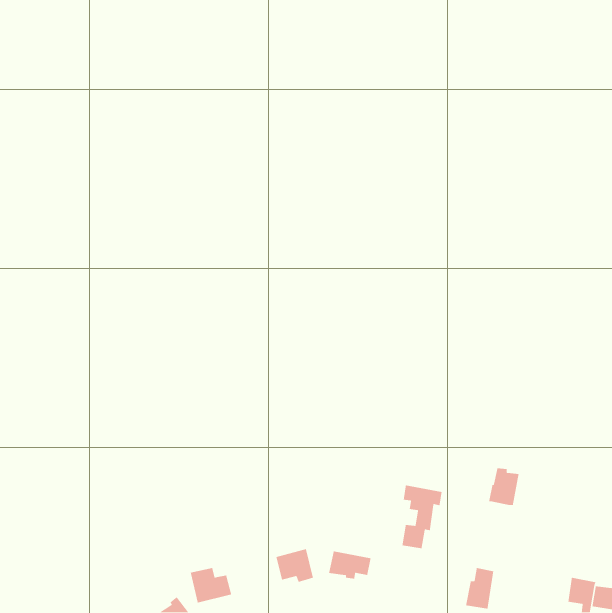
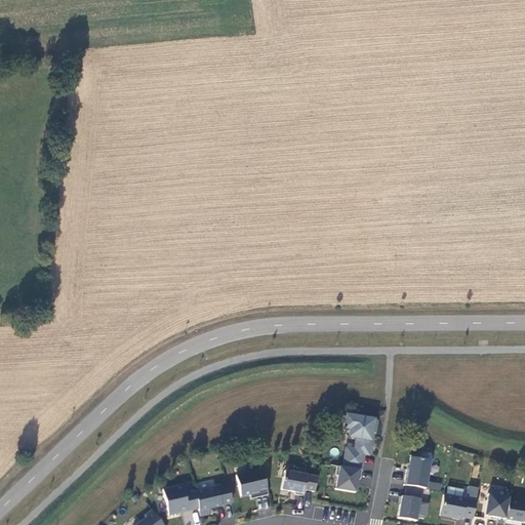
building: [488,467,520,506] -> [405,454,432,487]
building: none -> [337,465,363,491]
building: none -> [196,484,233,515]
building: none -> [441,494,478,519]

